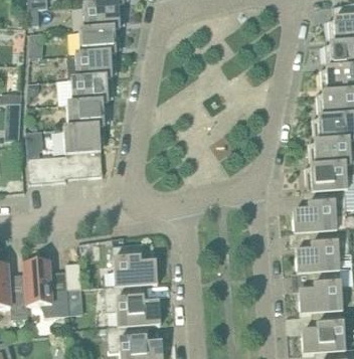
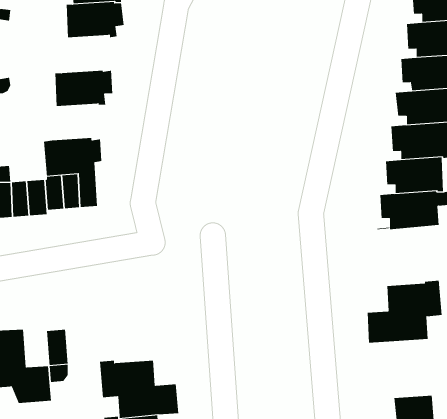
building: [75,51,118,78] -> none
building: [67,101,110,127] -> none
building: [293,188,347,232] -> none
building: [112,243,158,287] -> none
building: [299,270,343,313] -> none

